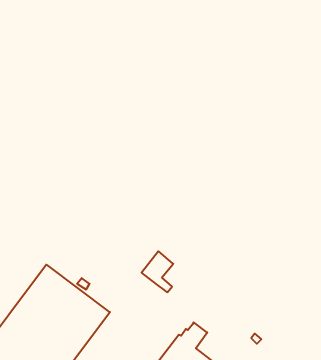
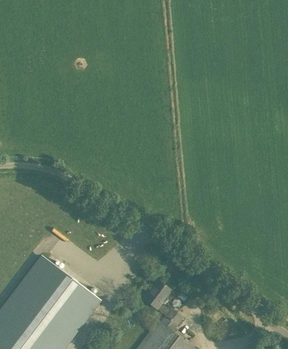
building: [142,251,173,292] -> [144,279,172,315]

